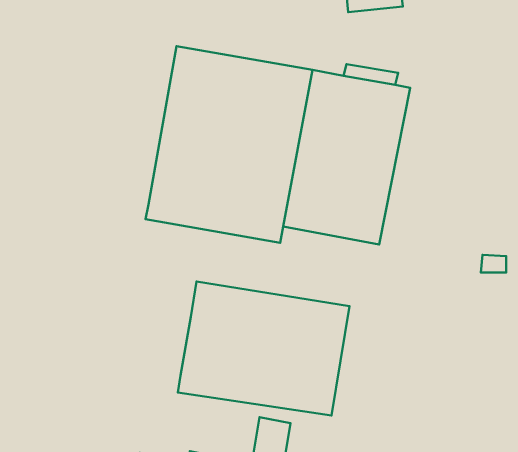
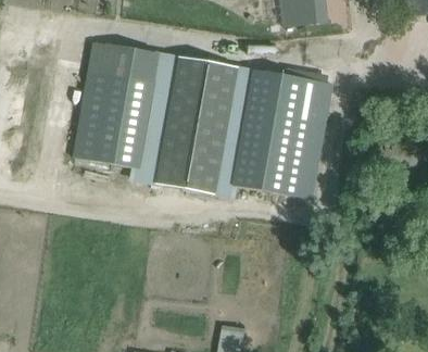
building: none -> [71,41,161,169]
building: [178,281,350,416] -> none

